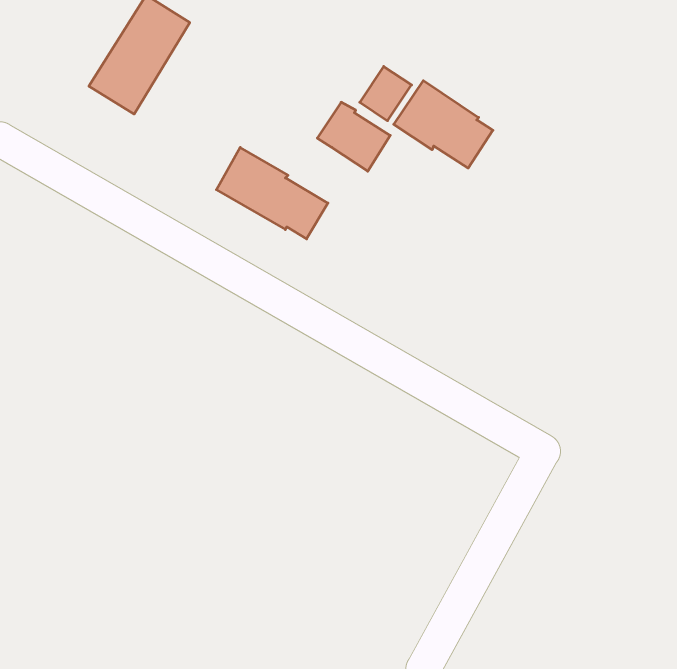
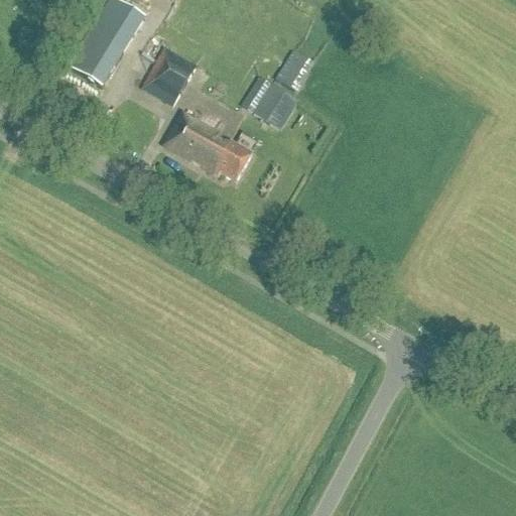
building: none -> [142,46,200,104]
building: [394,81,493,168] -> none

